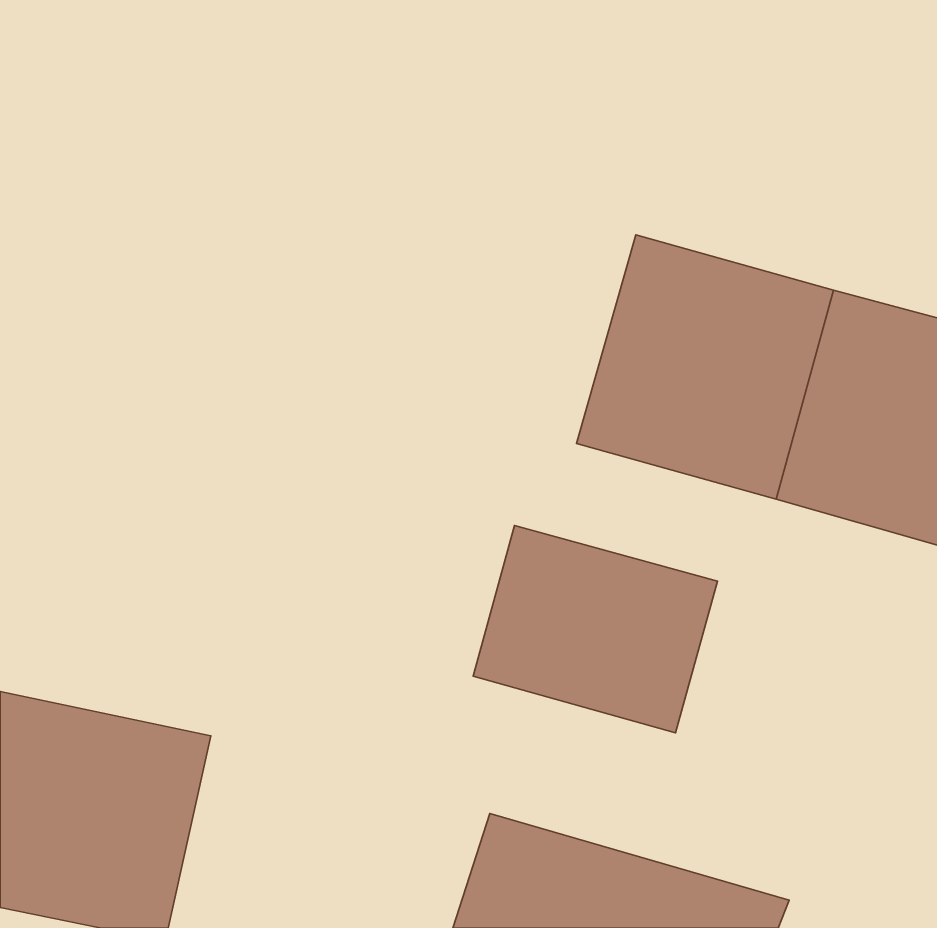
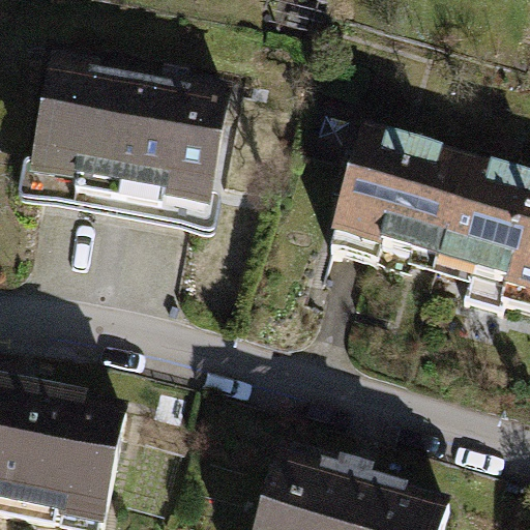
building: none -> [27,61,223,217]
building: [473,526,718,733] -> none

